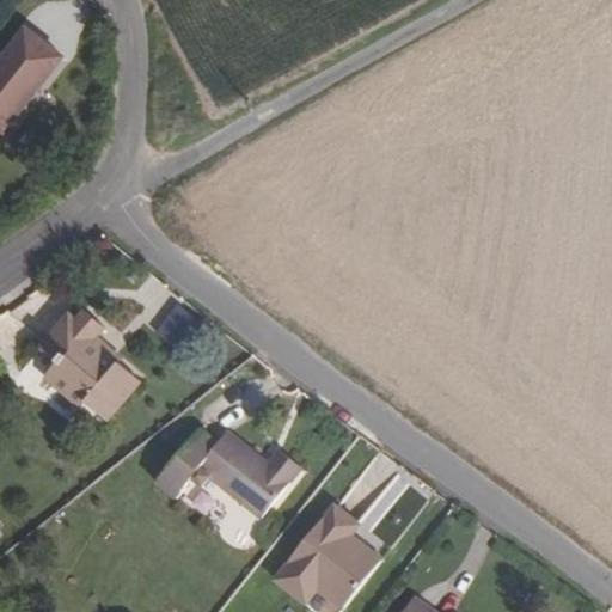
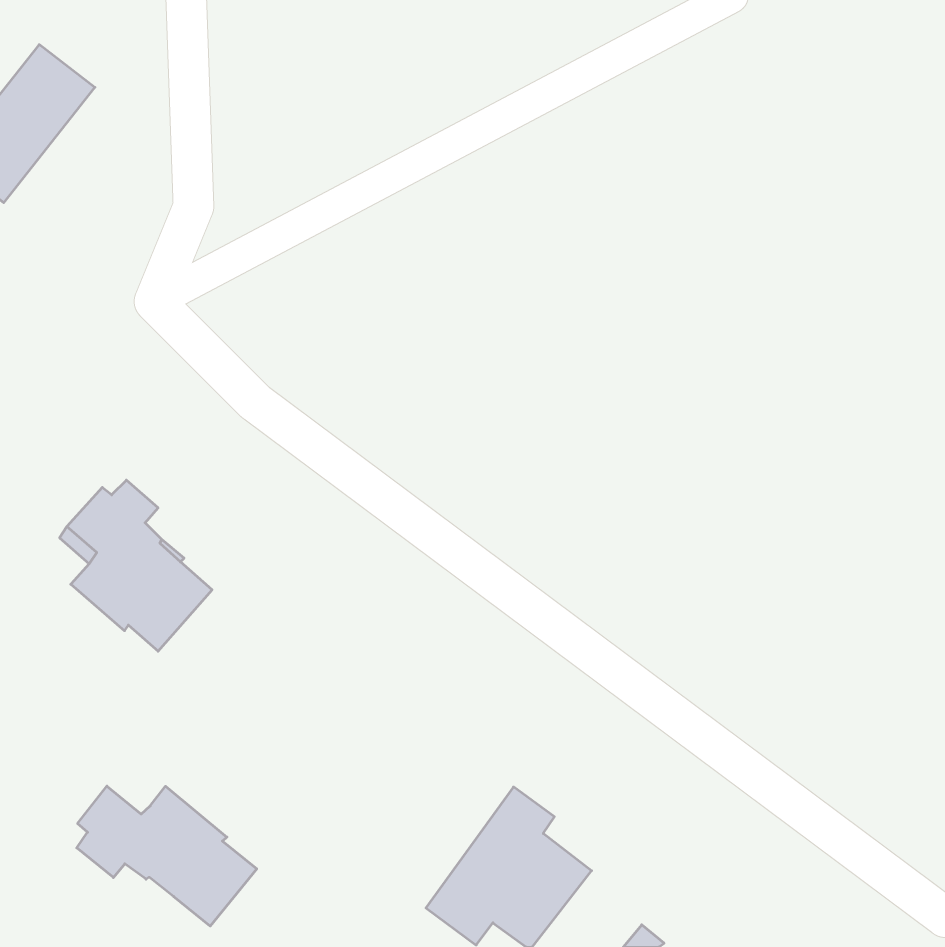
building: [154,428,300,516] -> none
building: none -> [77,786,257,926]

